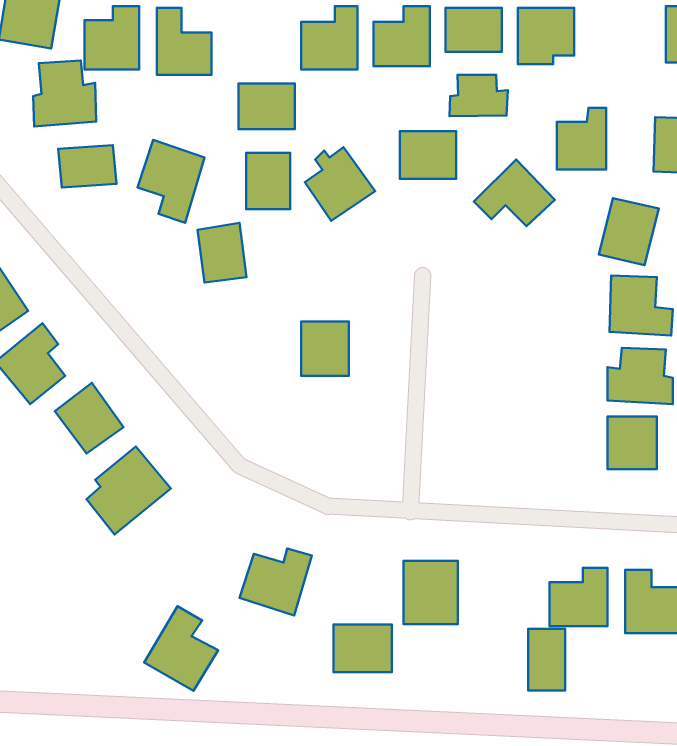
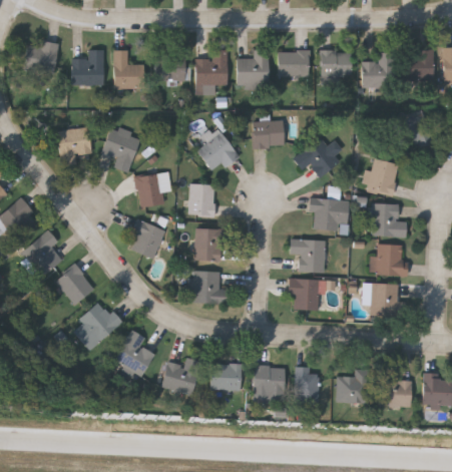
building: [33,61,96,127] -> none
building: [449,75,508,116] -> none
building: [239,83,295,129] -> [153,55,185,81]
building: [557,108,606,169] -> [362,54,390,89]
building: [246,153,290,209] -> [189,184,214,216]
building: none -> [309,198,340,231]
building: none -> [130,218,166,259]
building: none -> [290,240,325,273]
building: none -> [192,271,228,304]
building: none -> [289,279,319,310]
building: [144,606,218,691] -> [113,330,155,378]
building: [334,625,392,672] -> [210,364,244,391]
building: [528,629,565,690] -> [296,368,317,403]

